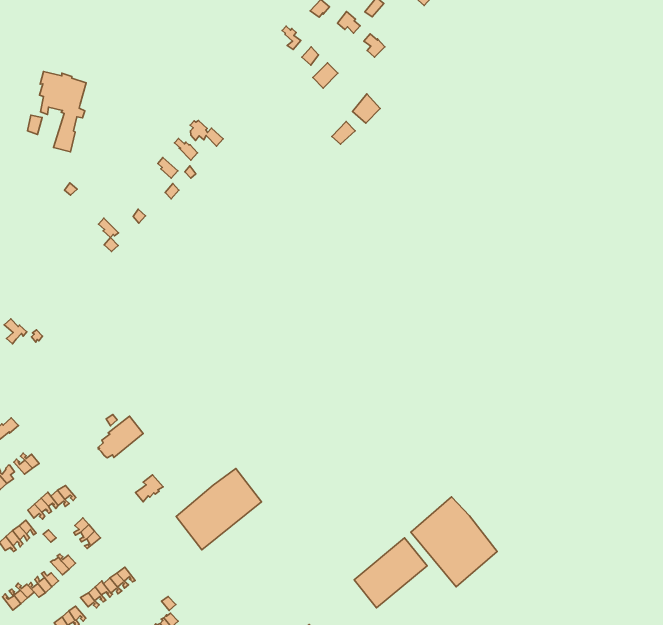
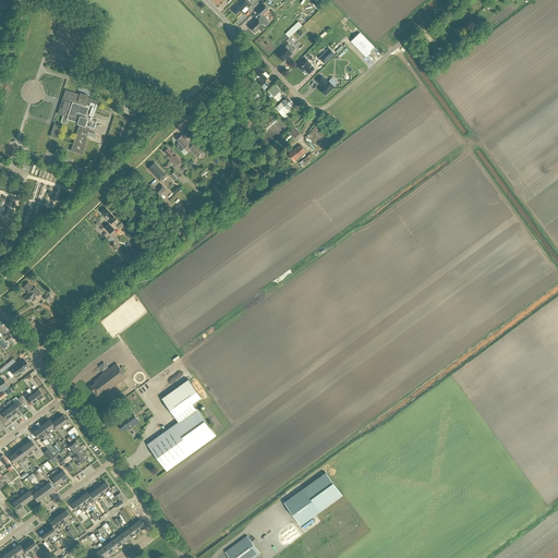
building: none -> [160,379,201,416]
building: [411,497,497,587] -> none

